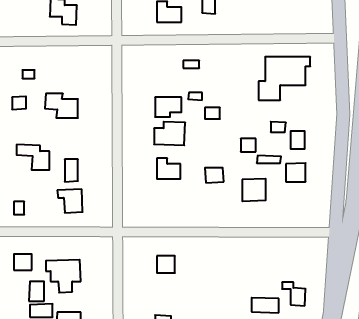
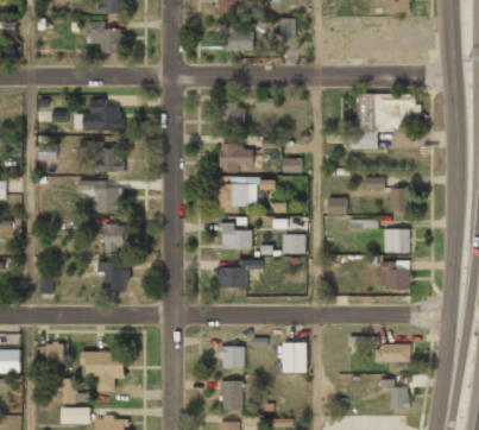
building: none -> [74,99,121,131]
building: none -> [220,103,244,127]
building: [17,145,49,170] -> [77,179,119,211]
building: [242,179,266,201] -> [379,260,409,289]
building: none -> [218,259,259,287]
building: none -> [283,342,307,372]
building: none -> [221,380,241,410]
building: [252,298,279,313] -> [374,343,409,362]

